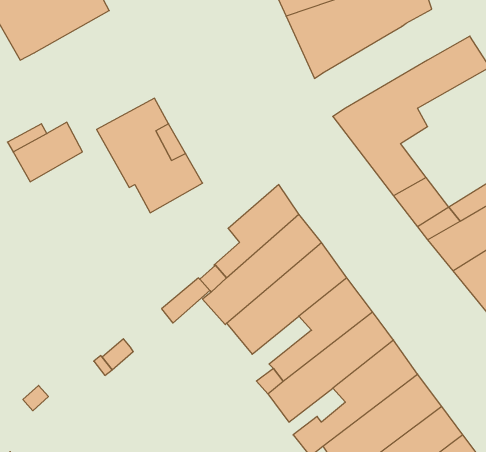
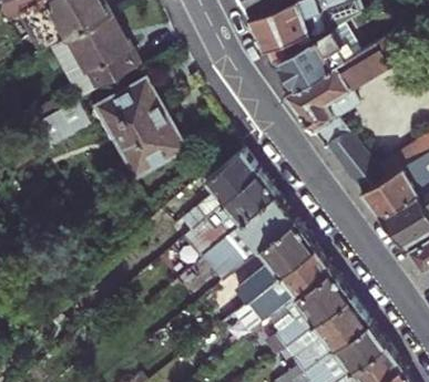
building: none -> [51,13,139,100]
building: none -> [277,23,359,90]

